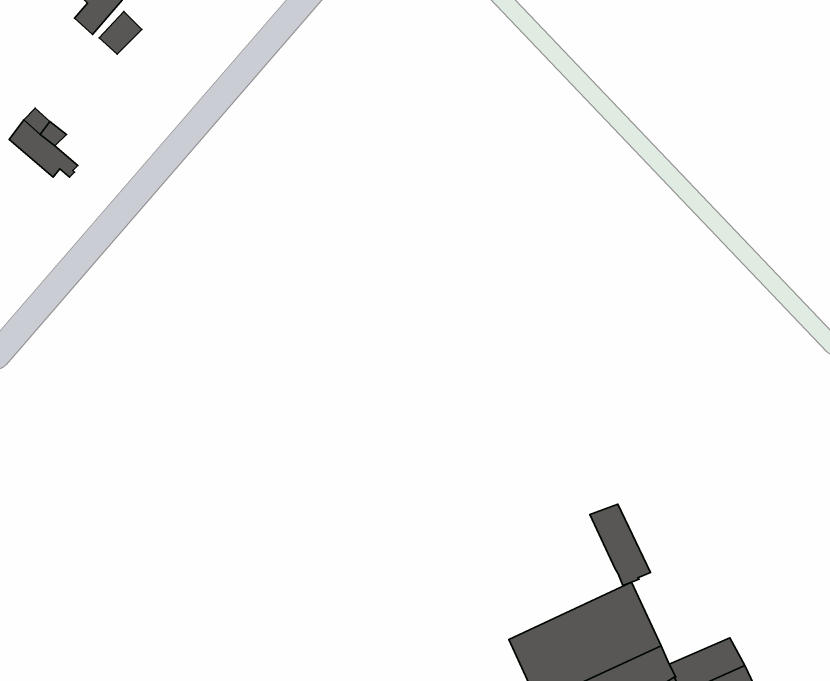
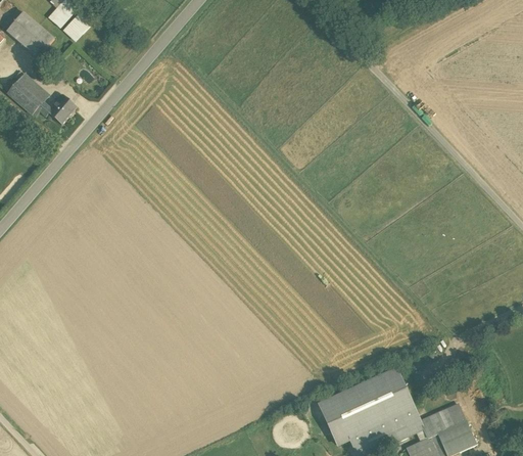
building: none -> [6,11,54,57]
building: none -> [47,94,76,124]
building: [590,504,651,586] -> none

